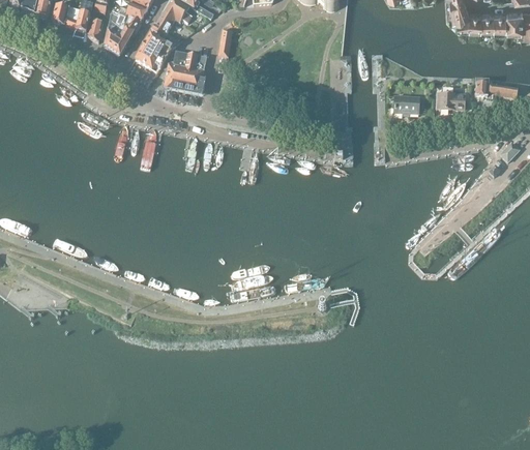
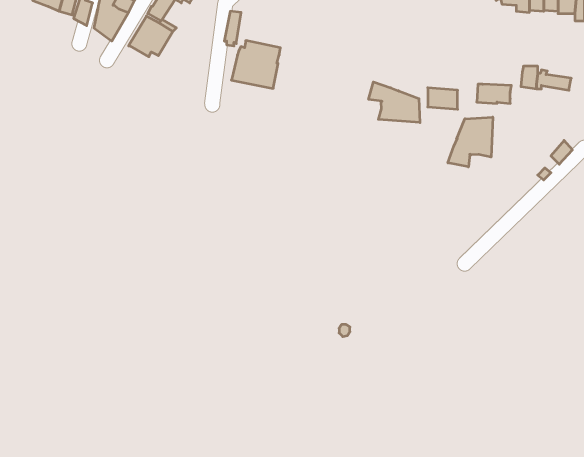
building: [164,51,206,92] -> [231,41,280,88]
building: none -> [369,82,420,123]
building: none -> [448,117,493,167]

